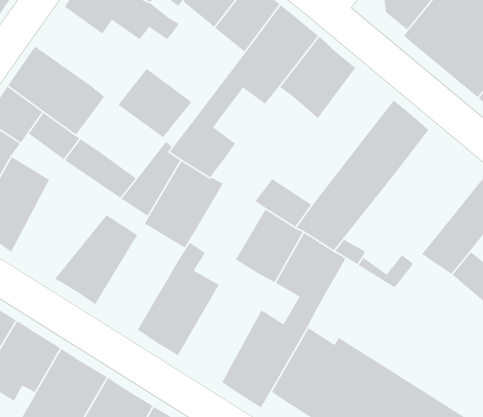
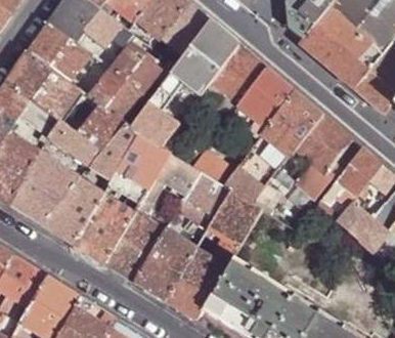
building: none -> [28,23,91,81]
building: none -> [111,41,163,92]
building: none -> [238,68,294,128]
building: none -> [78,103,125,150]
building: none -> [293,114,352,199]
building: none -> [10,151,81,224]
building: none -> [155,154,199,195]
building: none -> [73,192,134,262]
building: none -> [134,228,195,301]

